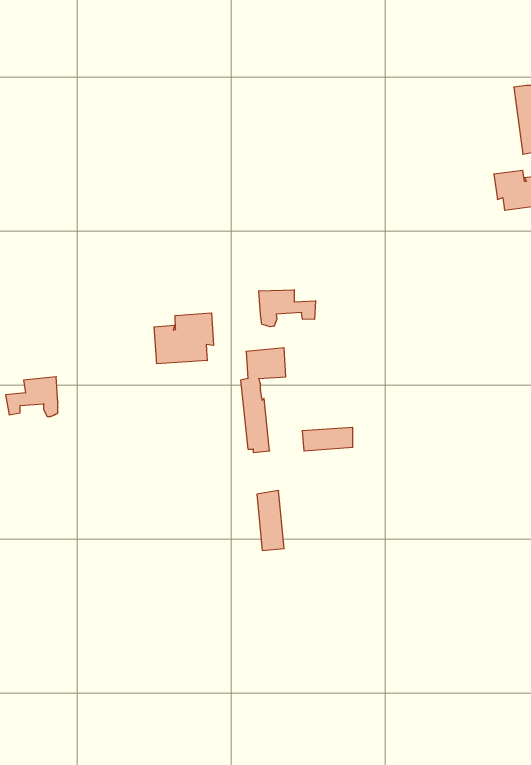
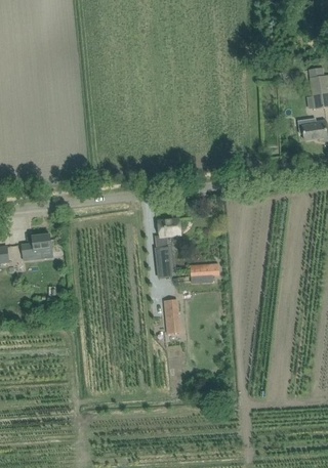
building: [259,290,316,327] -> none
building: [154,313,213,364] -> none

